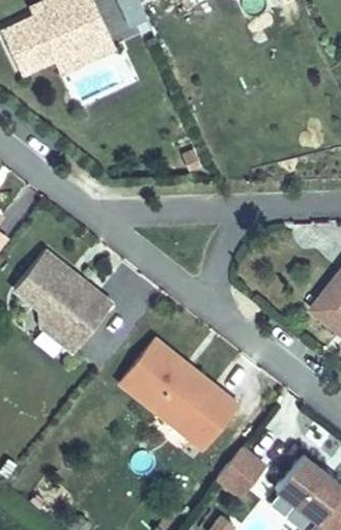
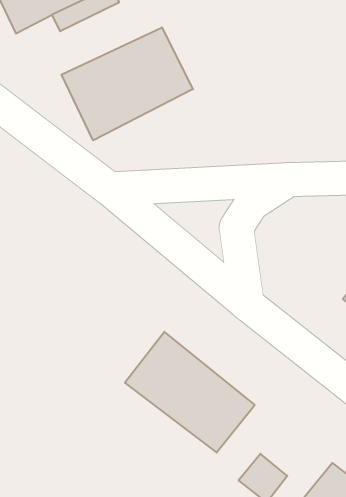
building: none -> [62,27,193,140]
building: [15,251,111,352] -> none

